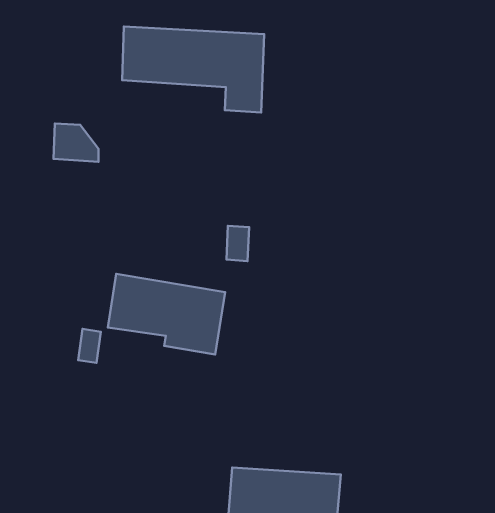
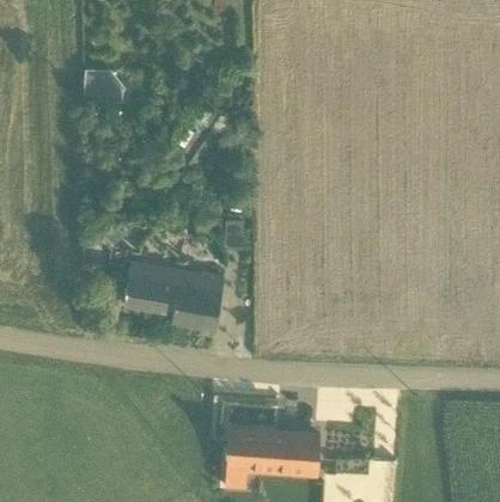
building: [122,26,264,113] -> none
building: [53,124,99,162] -> [84,73,122,105]

